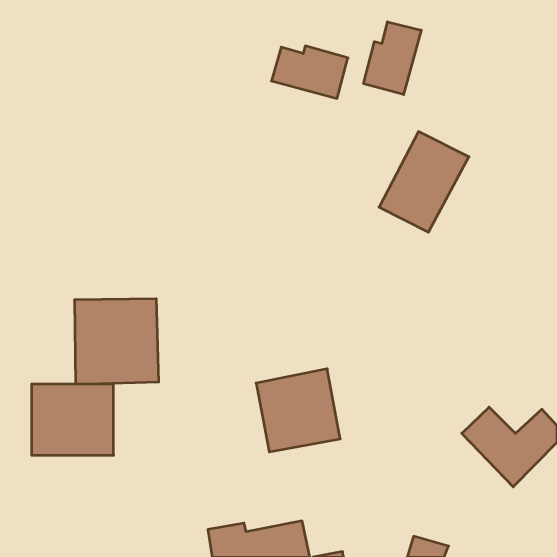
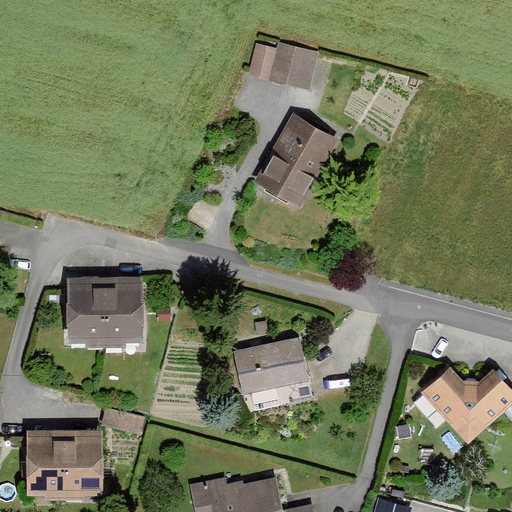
building: [364,22,421,95] -> none
building: [379,132,469,232] -> [255,114,337,206]
building: [32,384,114,455] -> [27,428,102,493]

